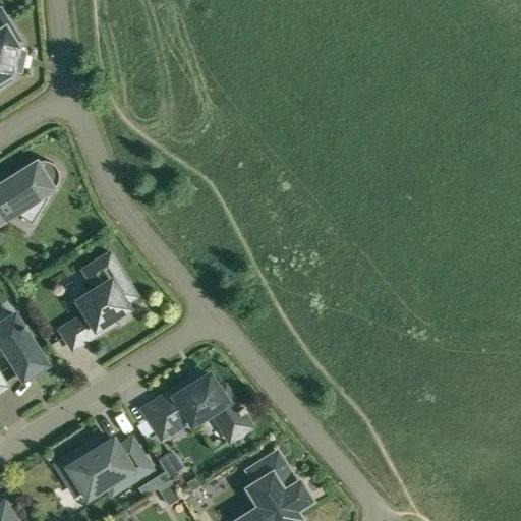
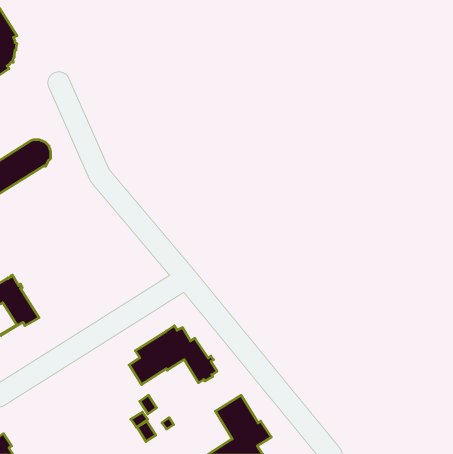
building: [61,256,132,347] -> none
building: [55,440,149,495] -> none

